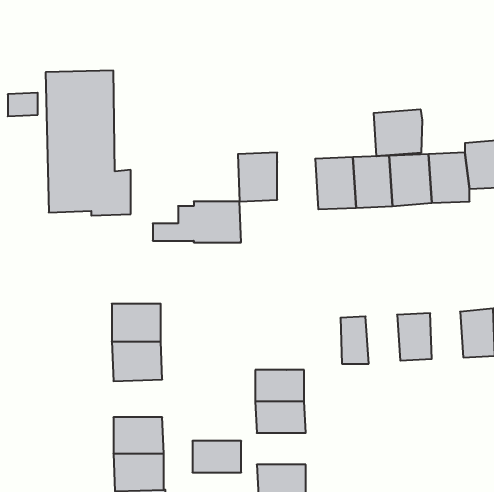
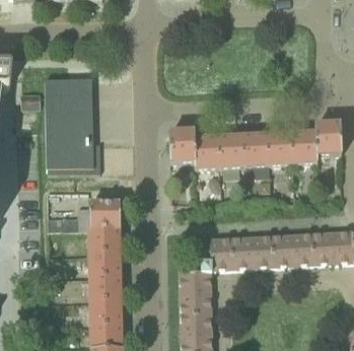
building: [374,109,422,156] -> none
building: none -> [194,135,220,168]
building: [153,201,241,242] -> [63,202,120,228]
building: none -> [292,233,313,264]
building: none -> [251,235,273,267]
building: none -> [199,237,235,271]
building: none -> [88,277,120,301]
building: [192,441,241,472] -> [181,311,212,332]

